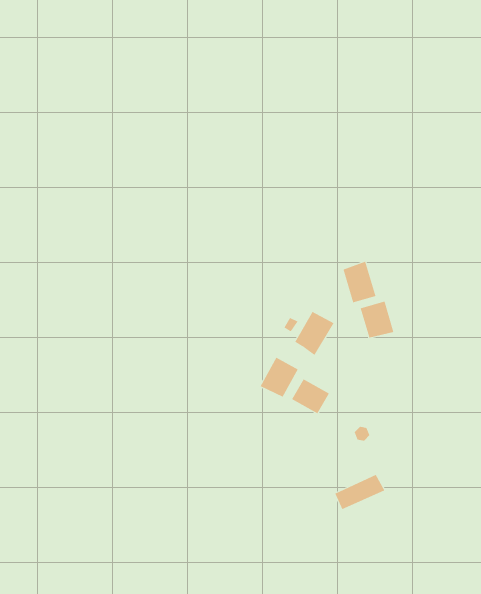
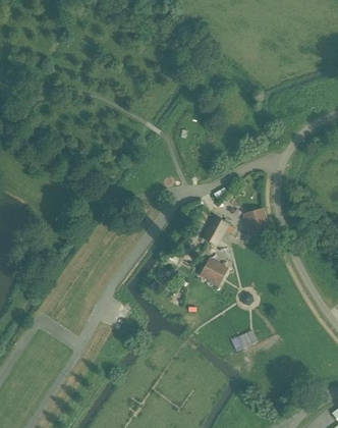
building: [343,261,376,303] -> none
building: [260,357,299,397] -> none

